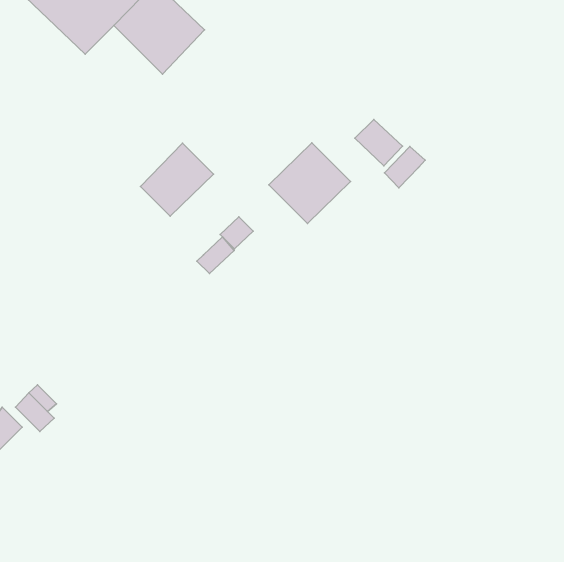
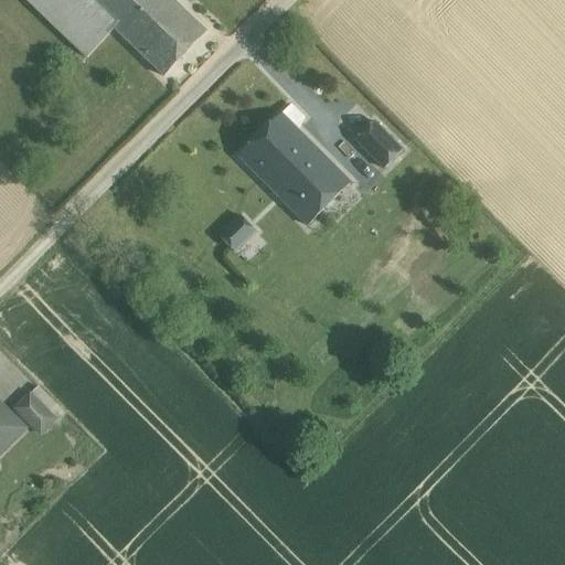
building: [140,143,213,216] -> [238,111,311,184]
building: [384,147,425,188] -> none
building: [197,237,234,273] -> none

